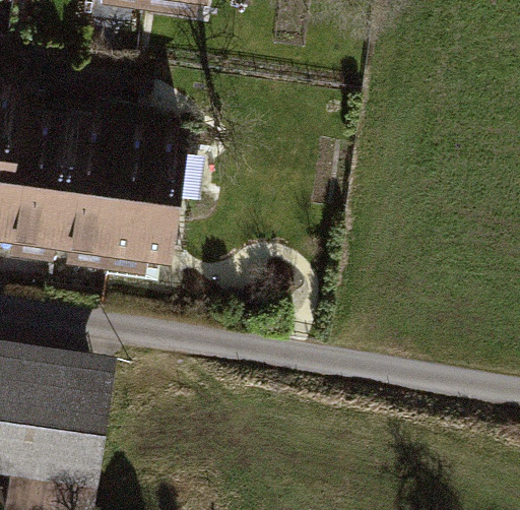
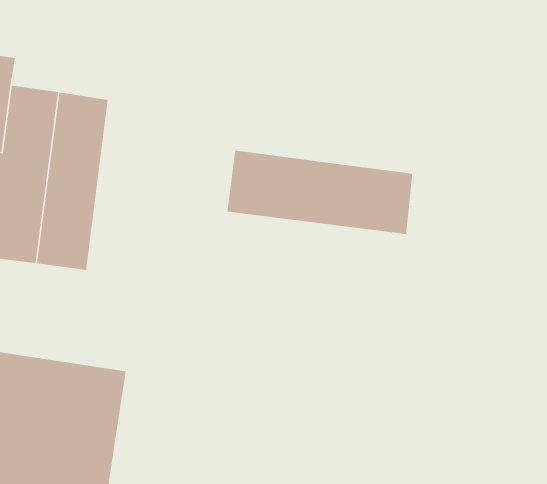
building: [80,116,155,277] -> none
building: none -> [227,150,413,235]

